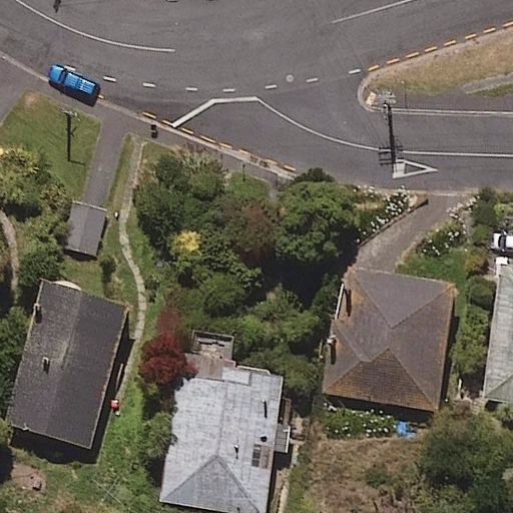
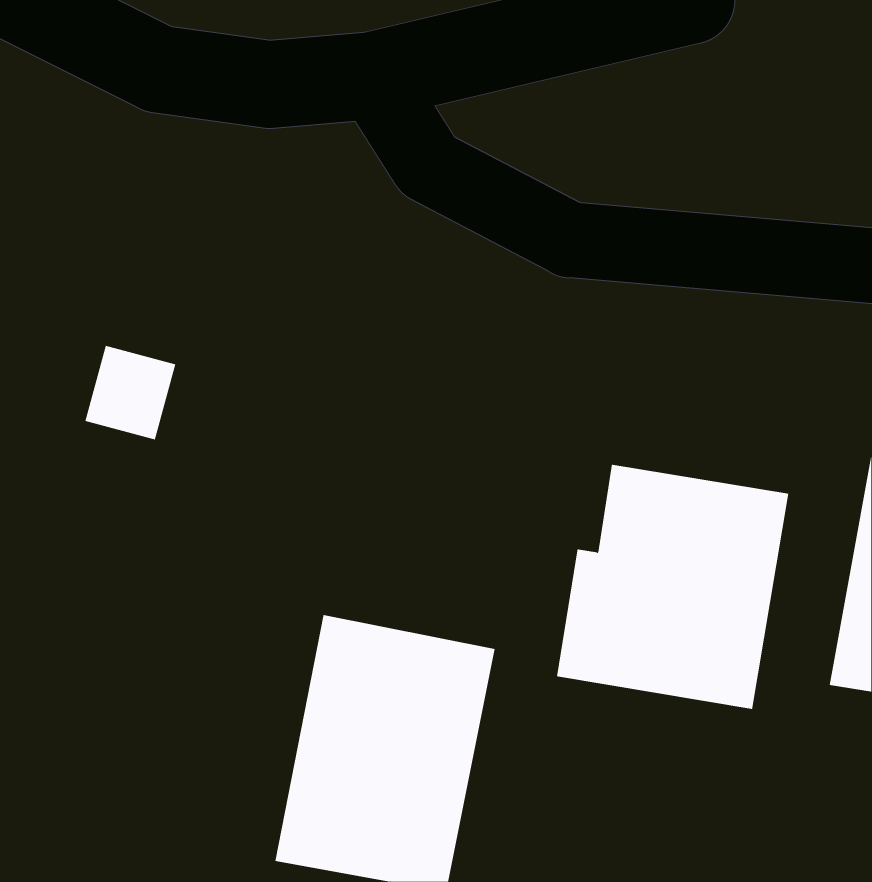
building: [4,283,131,449] -> none

